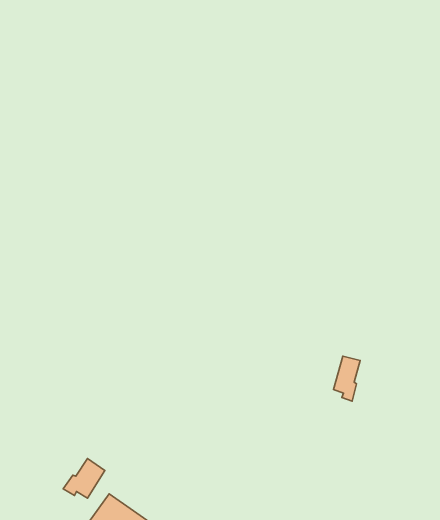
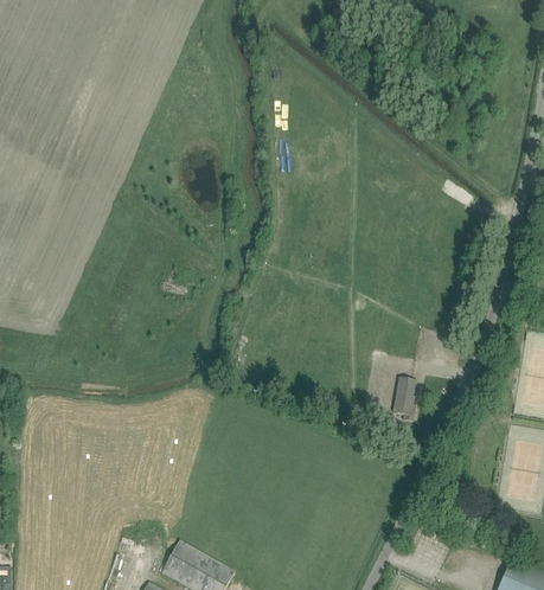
building: [63,458,105,498] -> none

